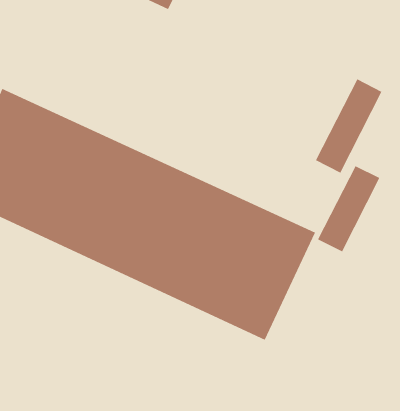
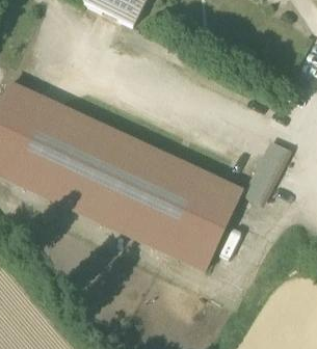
building: [315,78,382,174] -> none

